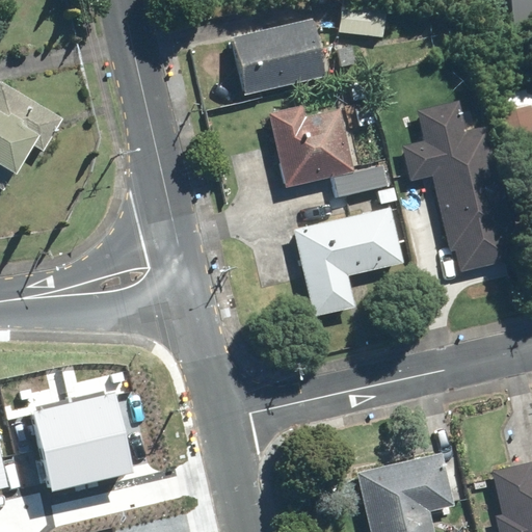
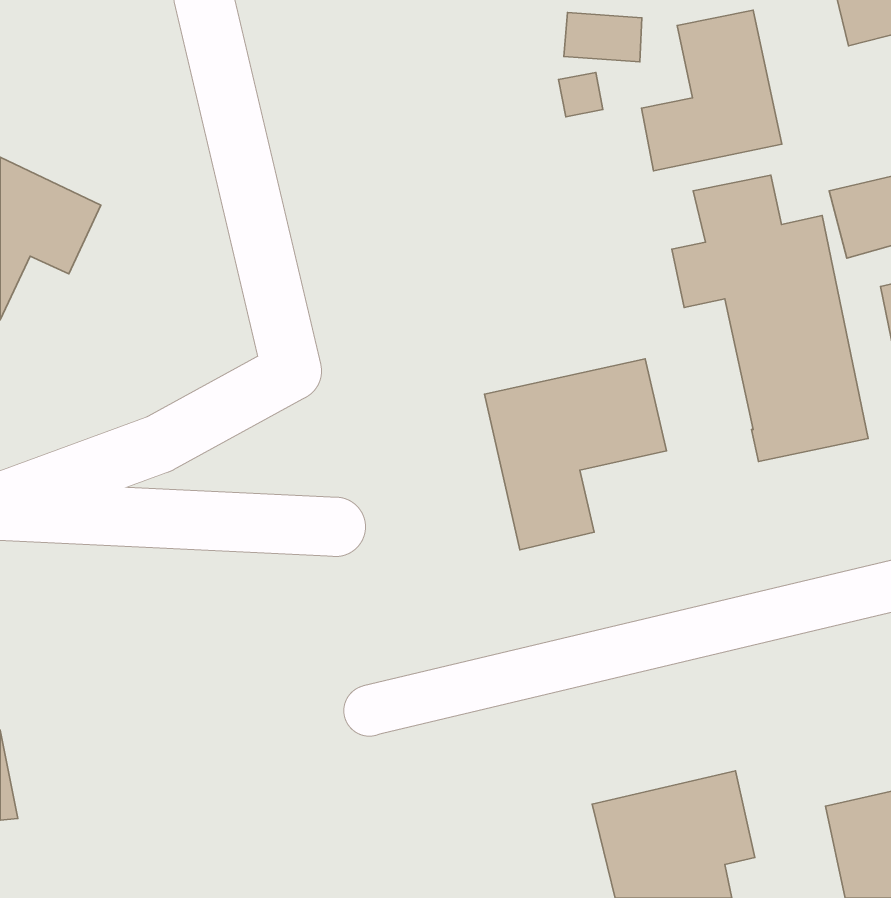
building: none -> [641,10,782,171]
building: [229,14,332,98] -> none
building: [264,99,385,197] -> none
building: [44,391,140,486] -> none

